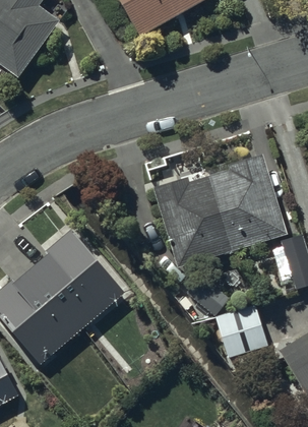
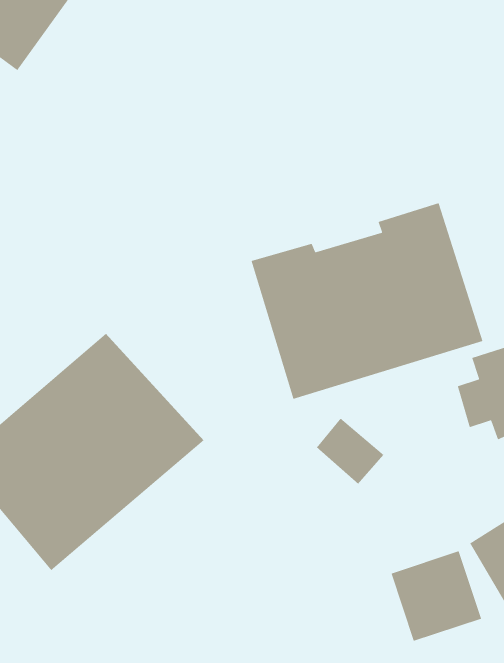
building: [214,304,267,357] -> [390,550,482,642]

